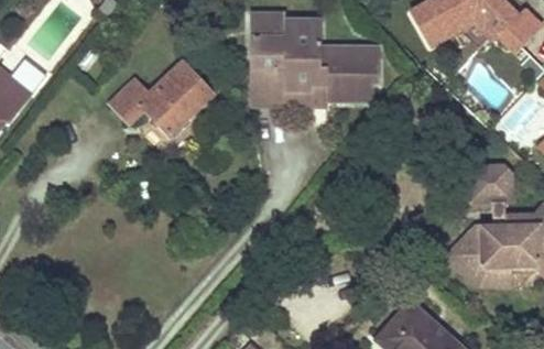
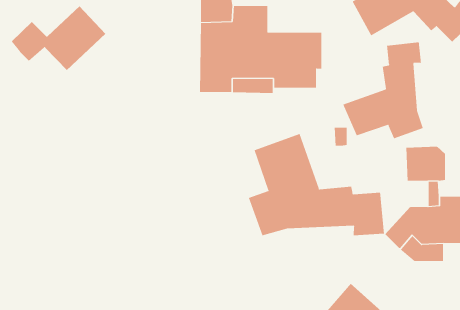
building: none -> [343,41,424,139]
building: [111,65,210,133] -> [11,5,106,71]
building: none -> [248,133,384,236]

